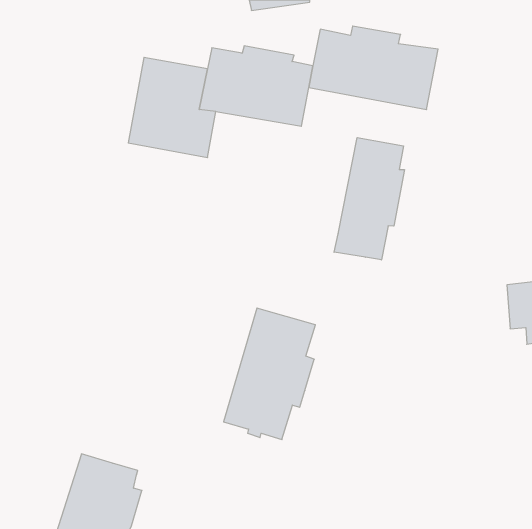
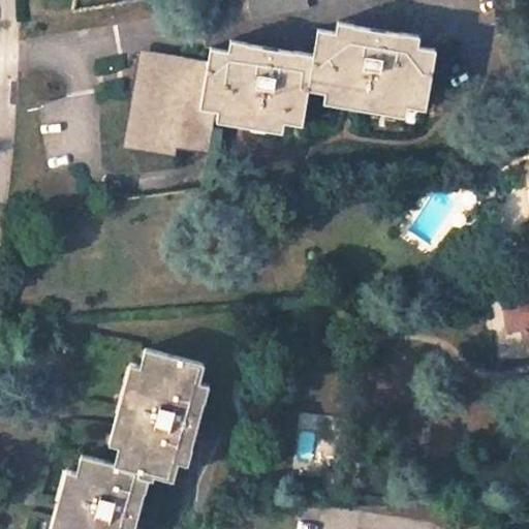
building: [334,138,404,260] -> none
building: [224,308,315,440] -> [113,350,204,480]

